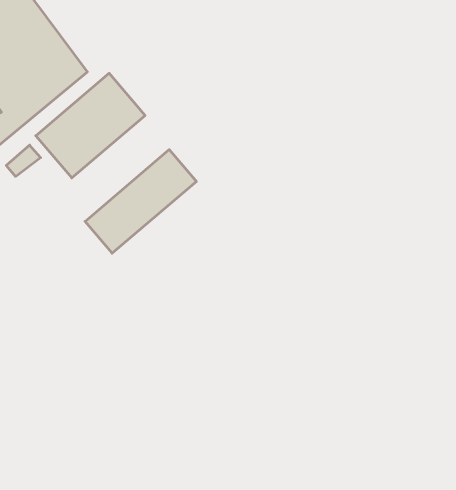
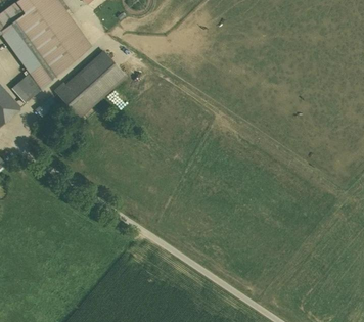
building: [85,150,196,253] -> none

